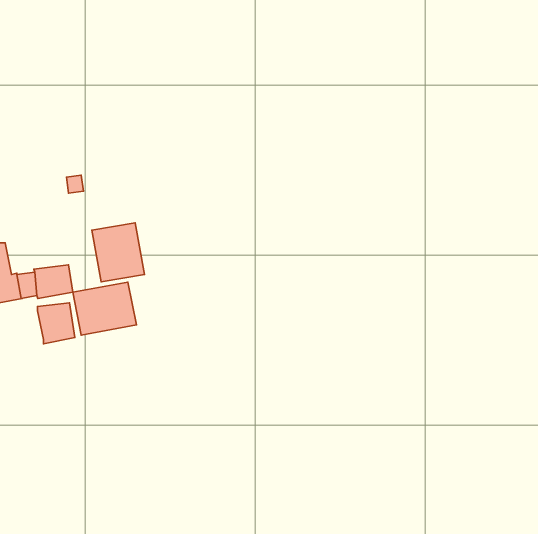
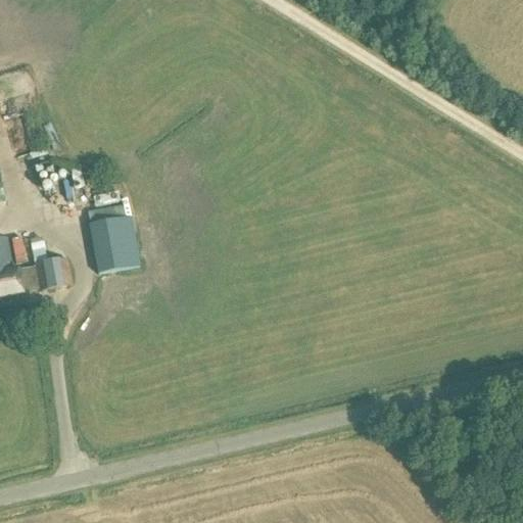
building: [73,282,136,335] -> none
building: [38,303,75,344] -> none

